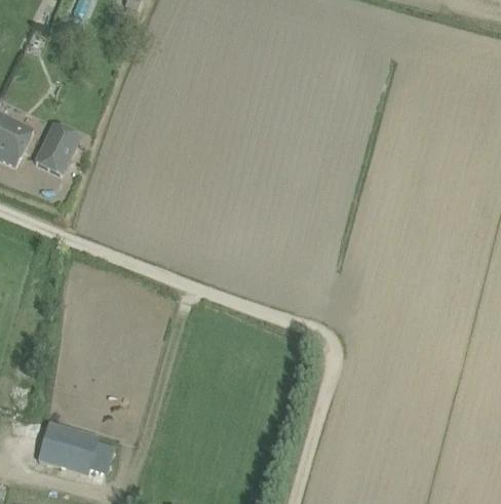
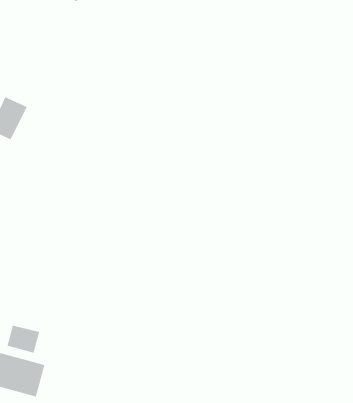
building: none -> [7,325,40,353]

